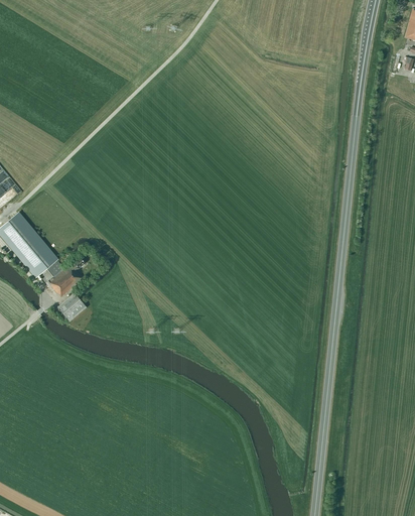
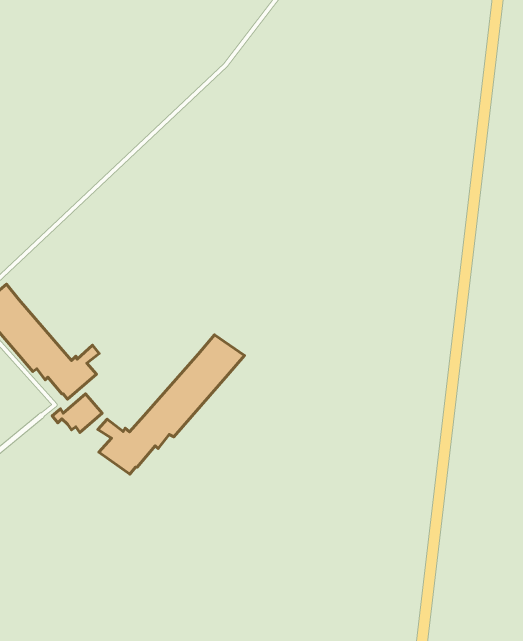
building: none -> [98,335,244,474]

